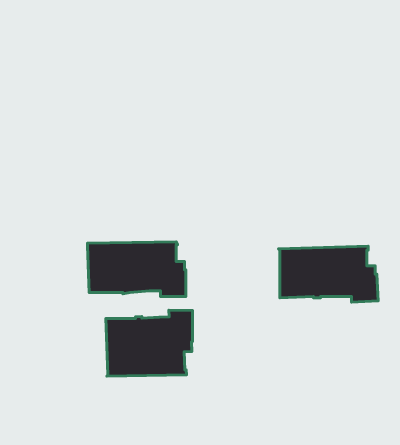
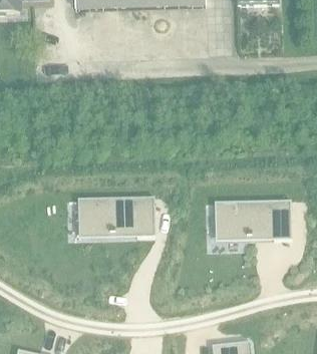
building: [106,310,193,376] -> none

